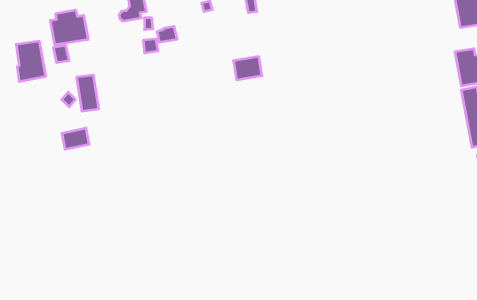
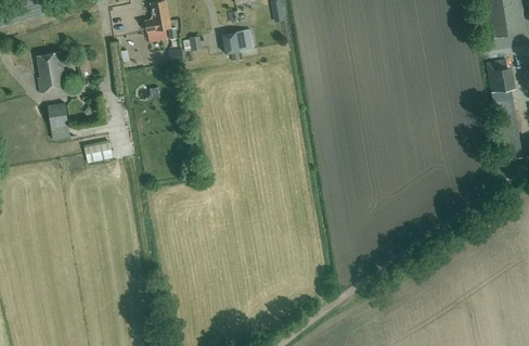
building: [50,10,88,45] -> none
building: [233,57,262,80] -> [222,29,251,53]
building: [77,75,99,111] -> [47,103,69,140]

